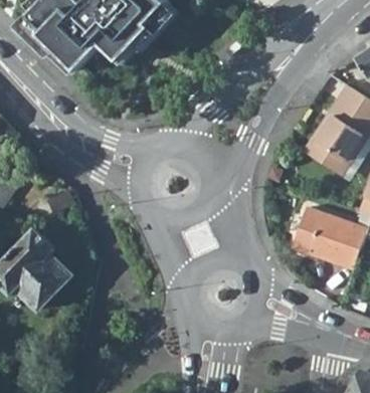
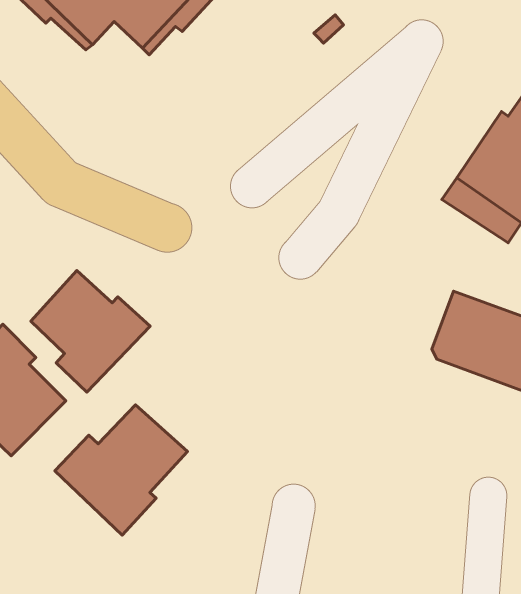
building: none -> [31,270,150,392]
building: none -> [55,405,187,535]

